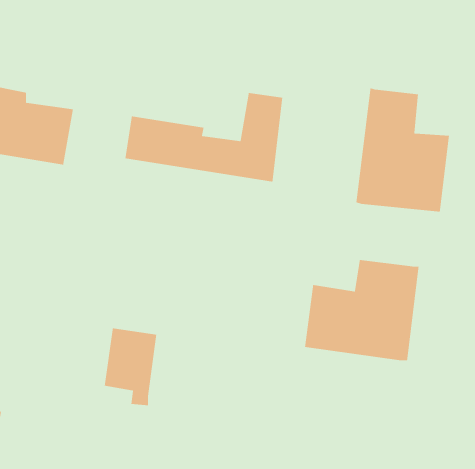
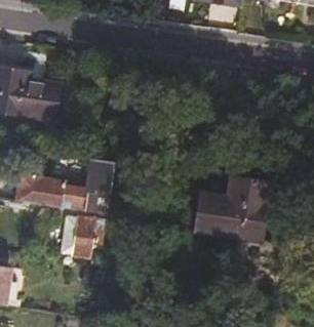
building: [356,87,450,213] -> none
building: [124,92,283,182] -> [16,158,114,213]

